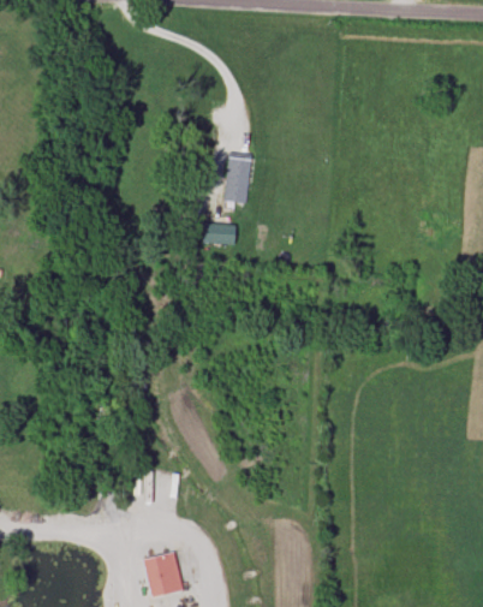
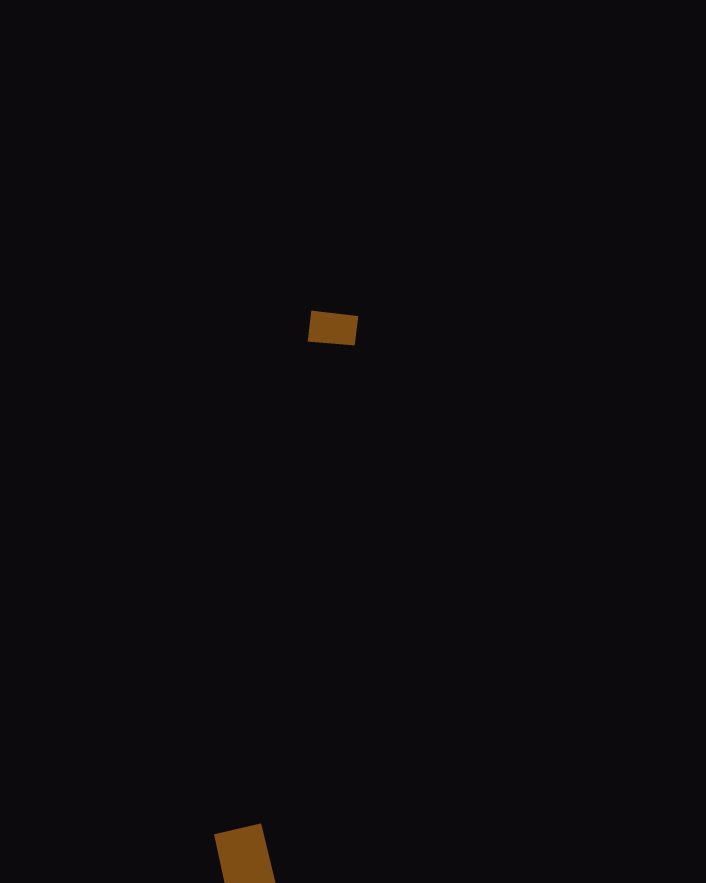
building: [222,156,251,203] -> none

